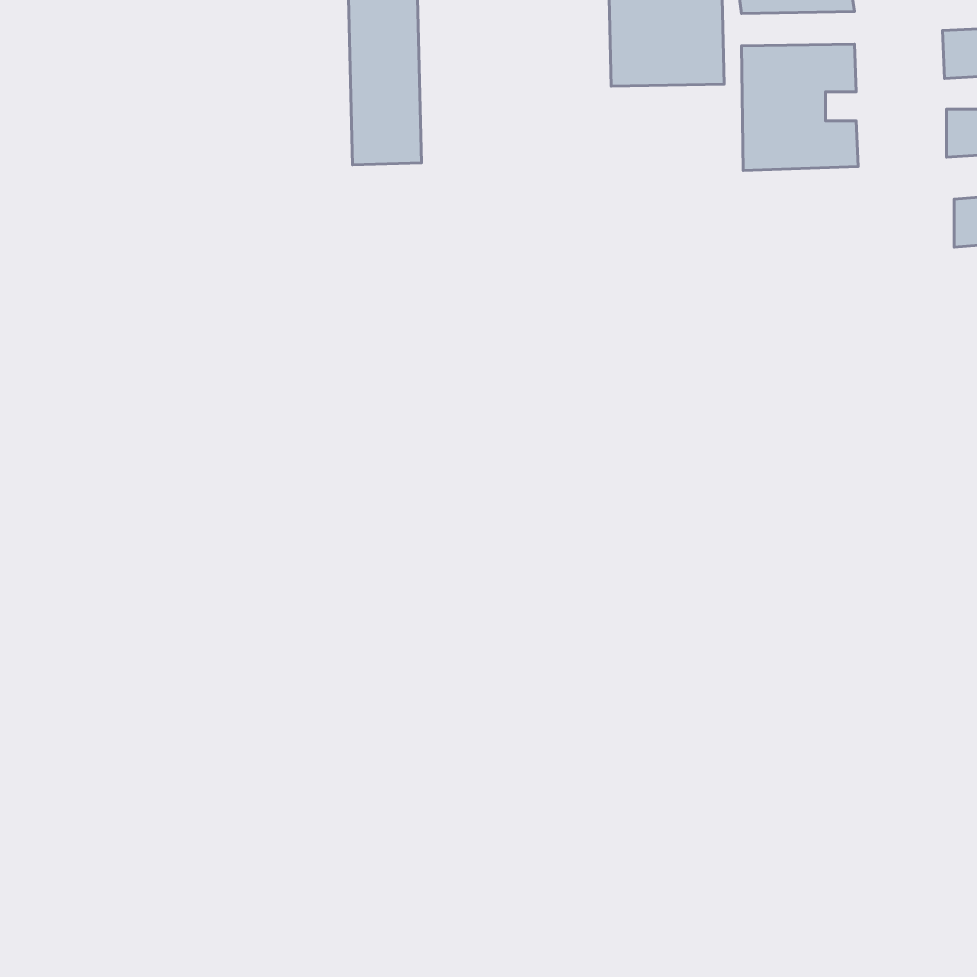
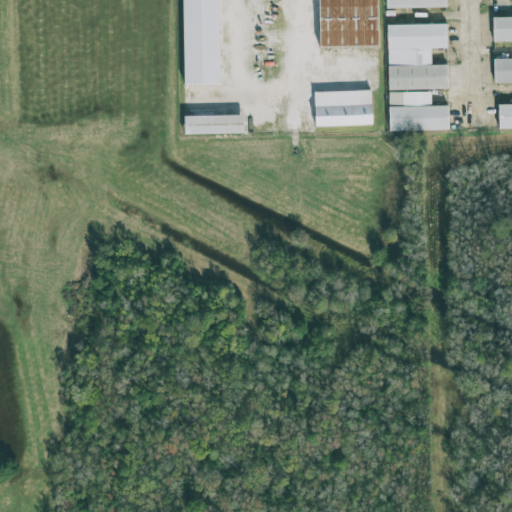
building: none -> [315,89,373,127]
building: none -> [389,90,449,130]
building: none -> [185,114,244,134]

